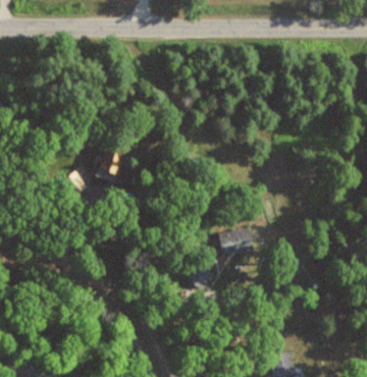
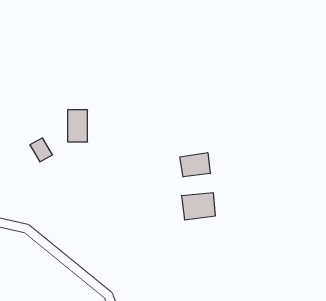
building: none -> [180,153,210,177]

